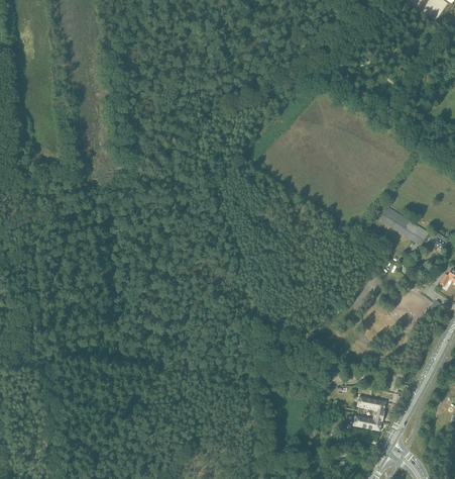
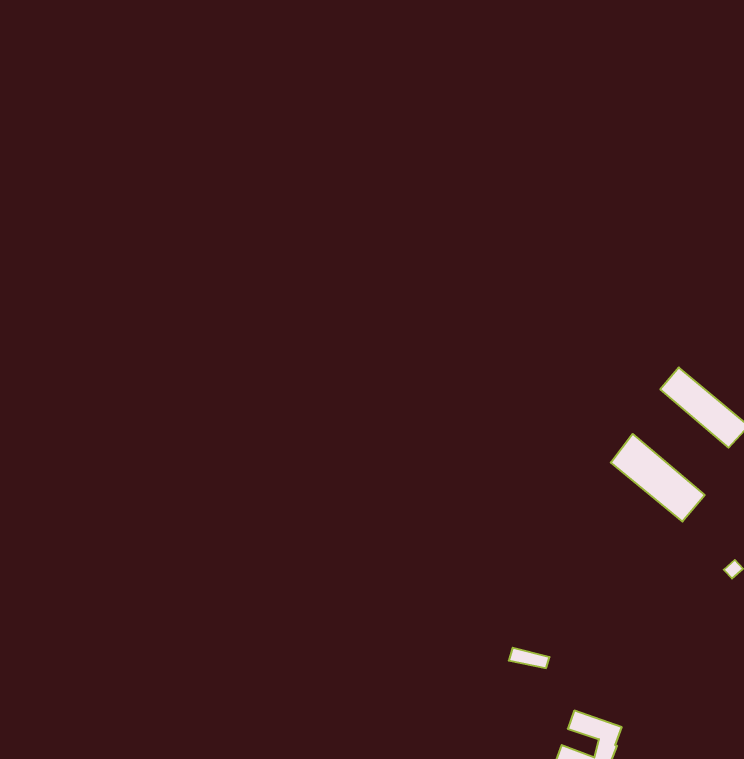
building: none -> [611,434,705,522]

